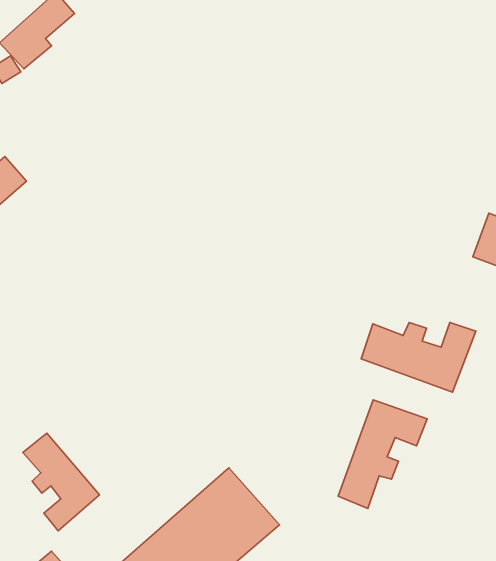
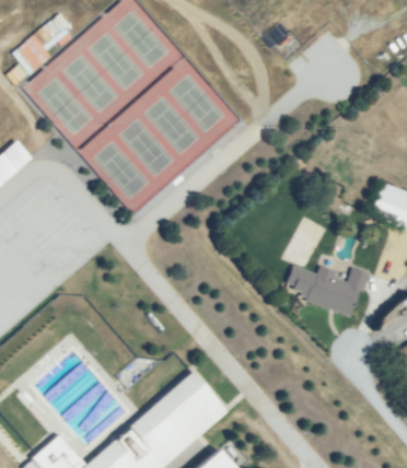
building: [338,400,427,508] -> none
building: [23,433,99,531] -> none

